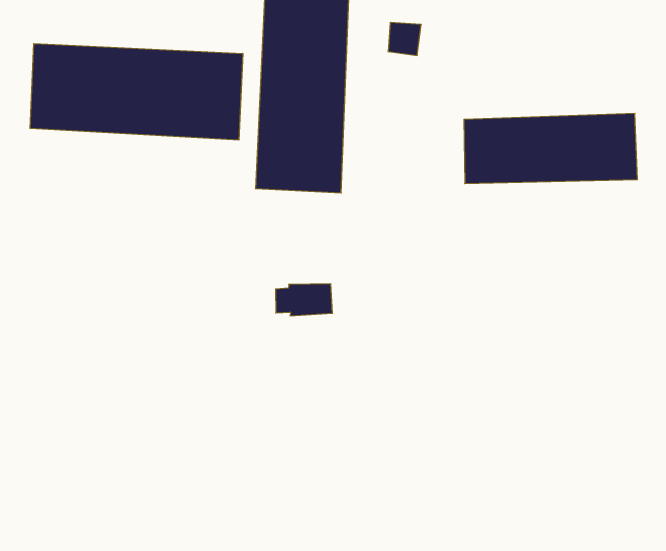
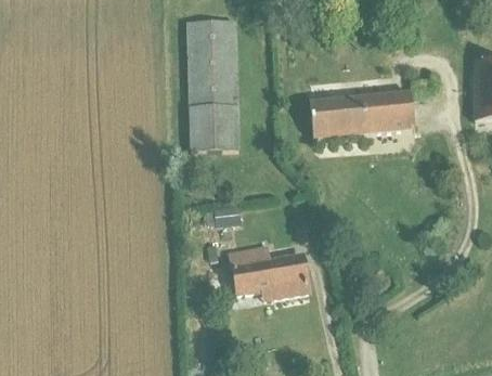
building: [30,44,243,140] -> none
building: none -> [230,243,310,296]

